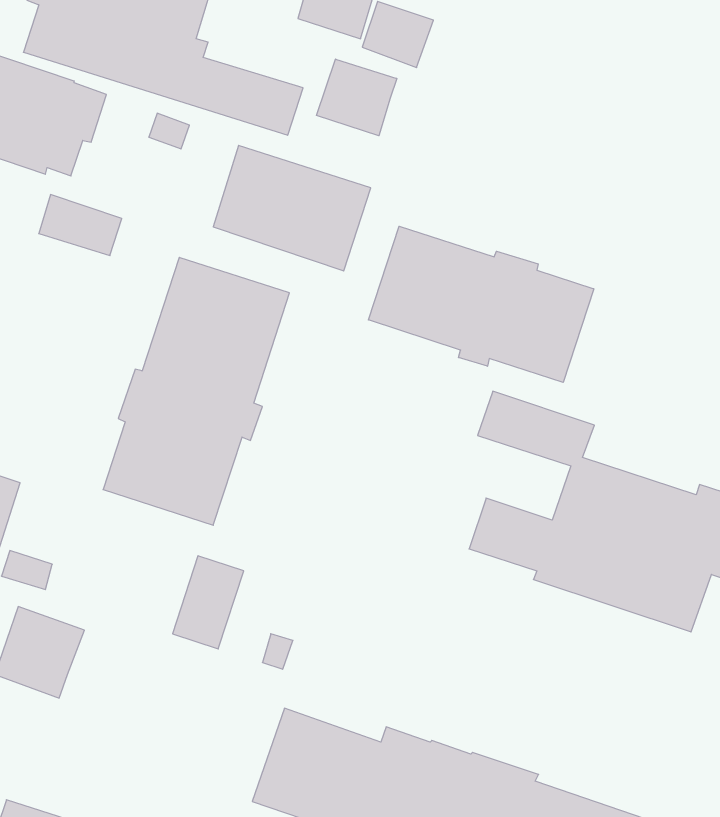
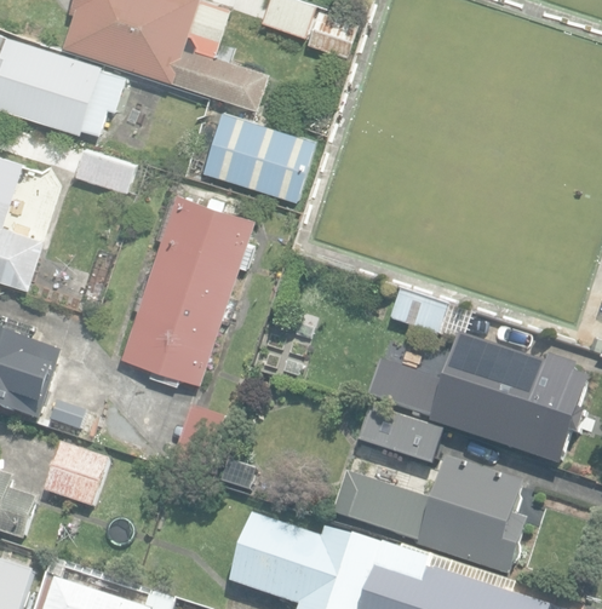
building: [317,59,397,136] -> none
building: [368,226,594,382] -> none
building: none -> [367,413,441,465]
building: none -> [331,460,528,575]

